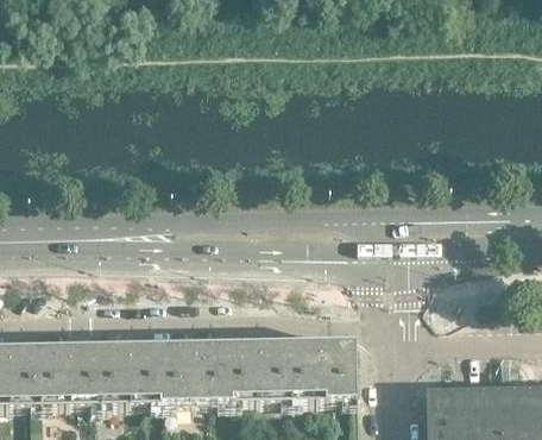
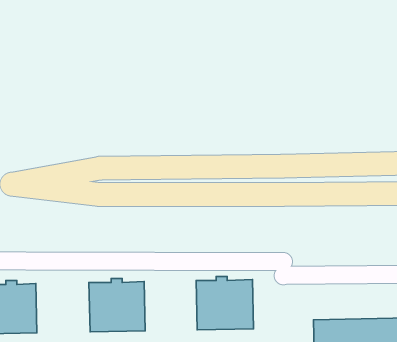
building: [227,335,290,398] -> none
building: [99,338,163,401] -> none

